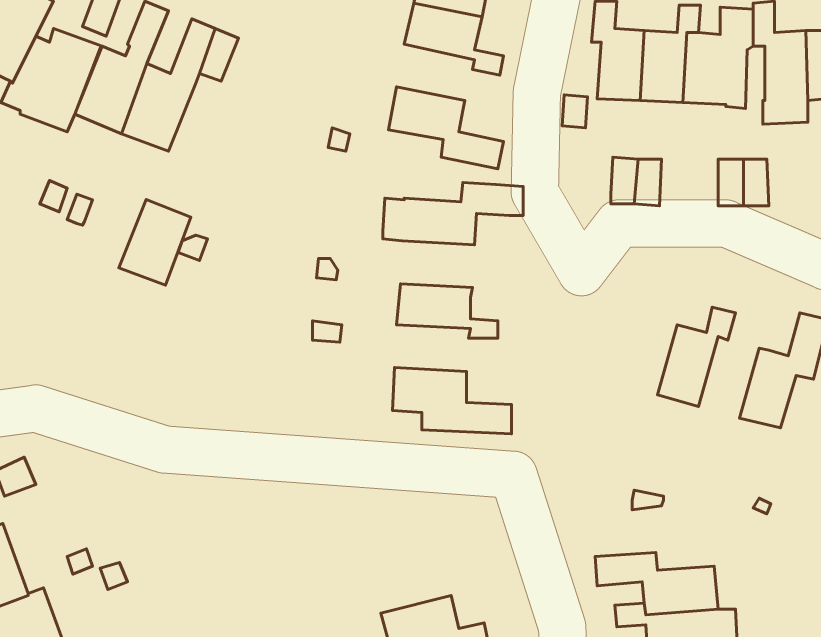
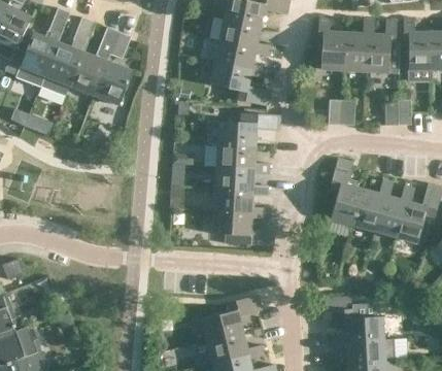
building: none -> [214,40,266,78]
building: [119,200,191,285] -> [94,61,132,106]
building: none -> [210,144,270,175]
building: none -> [329,157,363,226]
building: none -> [374,185,415,238]
building: none -> [213,189,267,218]
building: none -> [201,296,263,341]

